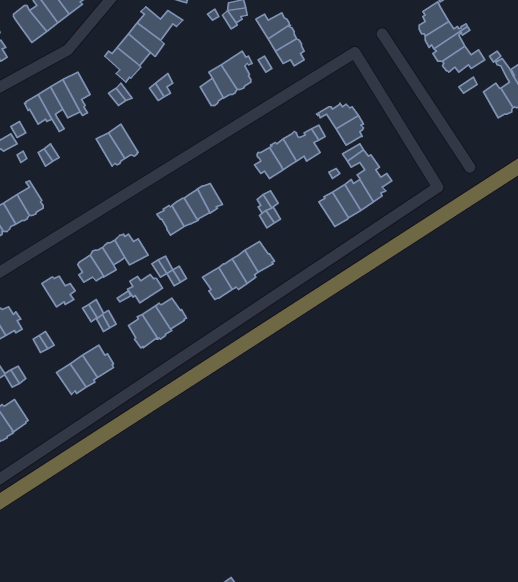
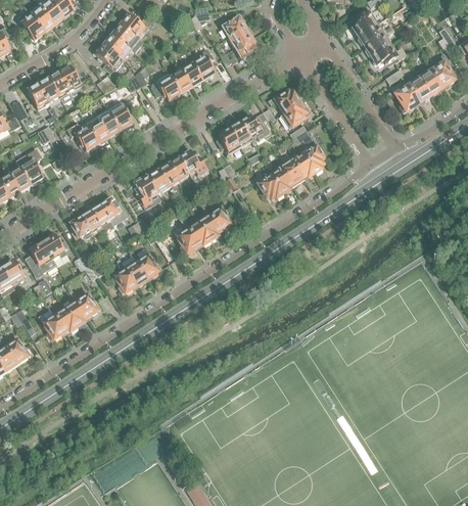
building: none -> [151,76,181,99]
building: none -> [392,82,418,112]
building: none -> [106,100,132,132]
building: none -> [66,121,99,149]
building: none -> [180,150,209,176]
building: none -> [254,173,283,198]
building: [128,274,163,303] -> none
building: none -> [30,240,56,270]
building: none -> [41,308,65,340]

